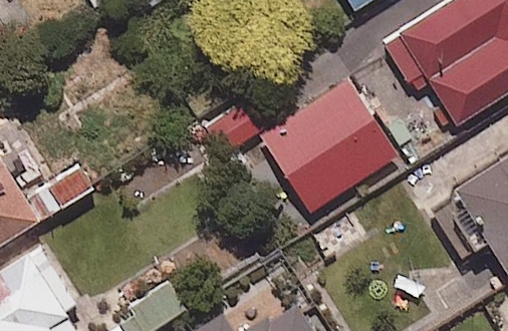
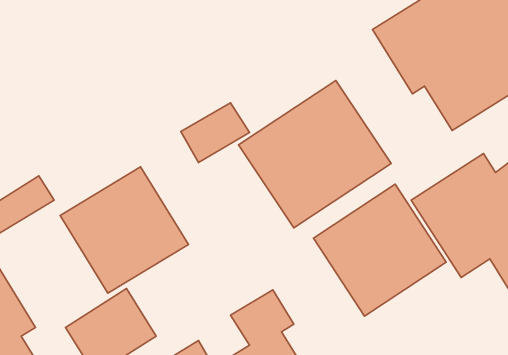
building: none -> [60,167,188,293]
building: none -> [314,184,446,316]

